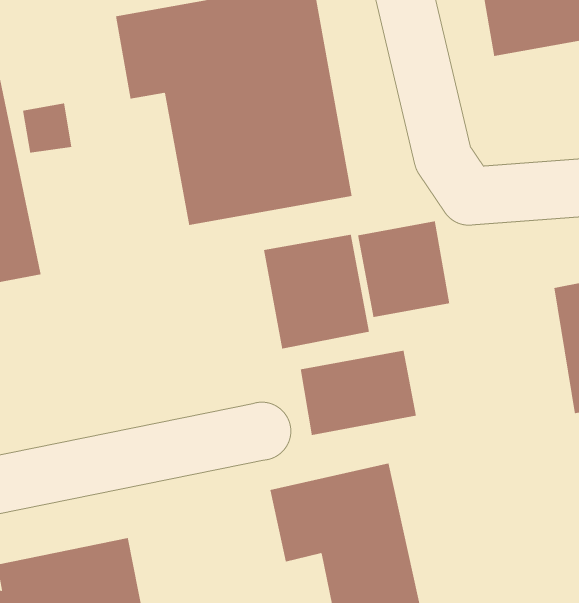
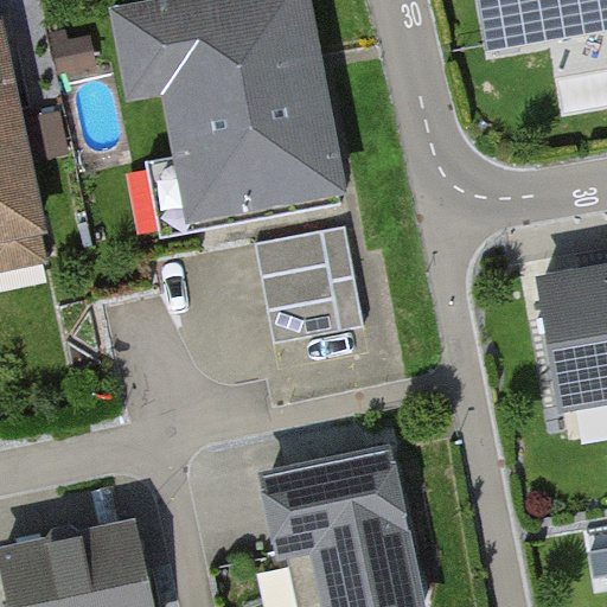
building: [357,220,450,318] -> none
building: [300,350,416,436] -> none

